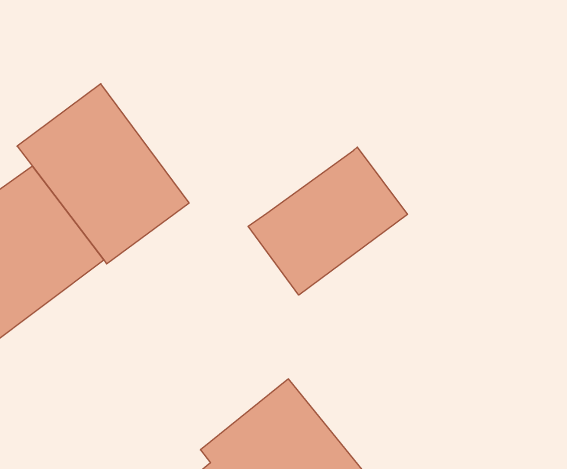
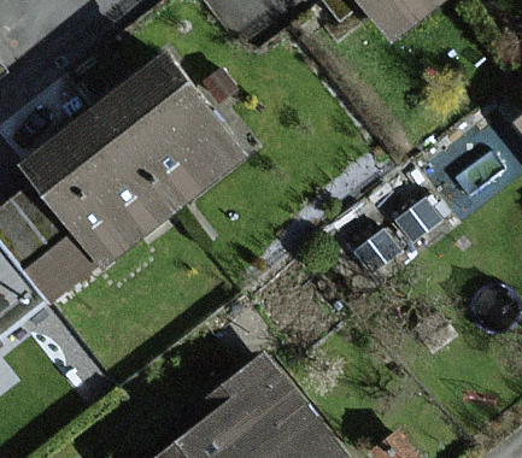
building: none -> [100,54,245,207]
building: [248,147,407,295] -> none

